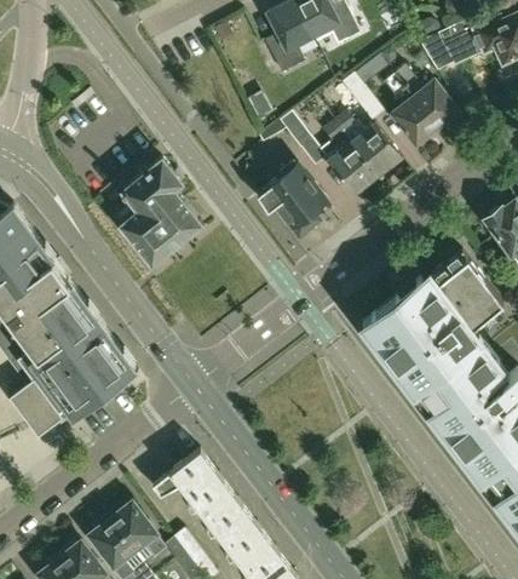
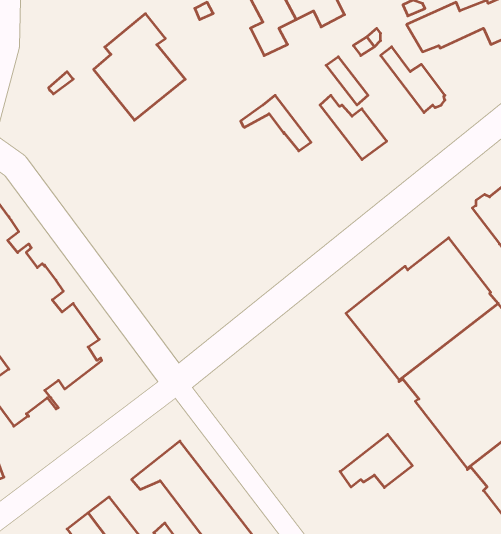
building: [382,74,436,145] -> none
building: [322,122,375,194] -> none
building: [110,160,200,264] -> [94,14,185,120]
building: [255,164,323,236] -> none
building: none -> [340,434,412,488]

